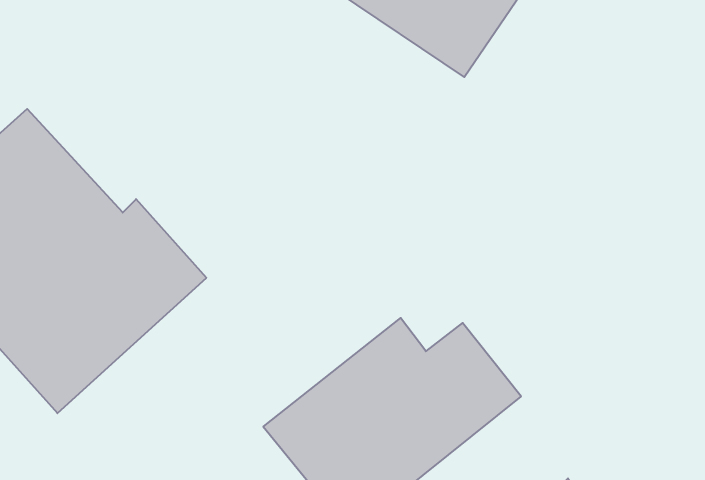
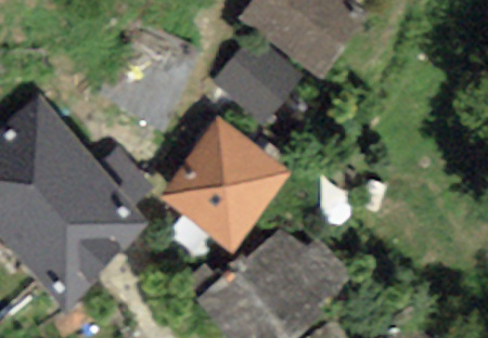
building: none -> [213,42,297,126]
building: none -> [162,119,288,248]

